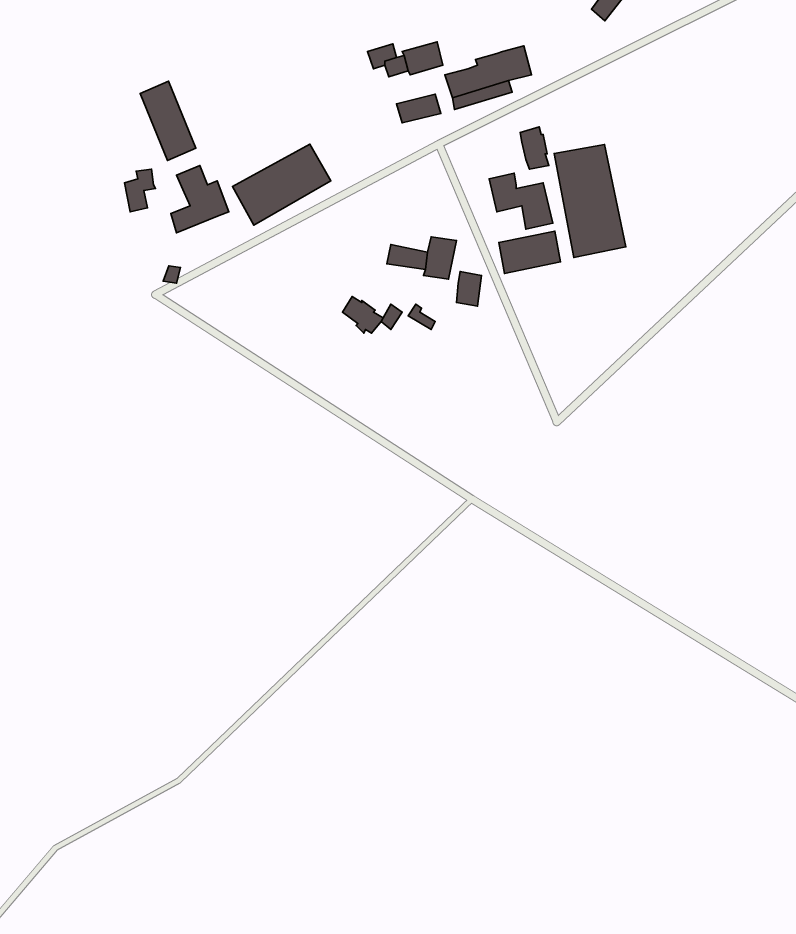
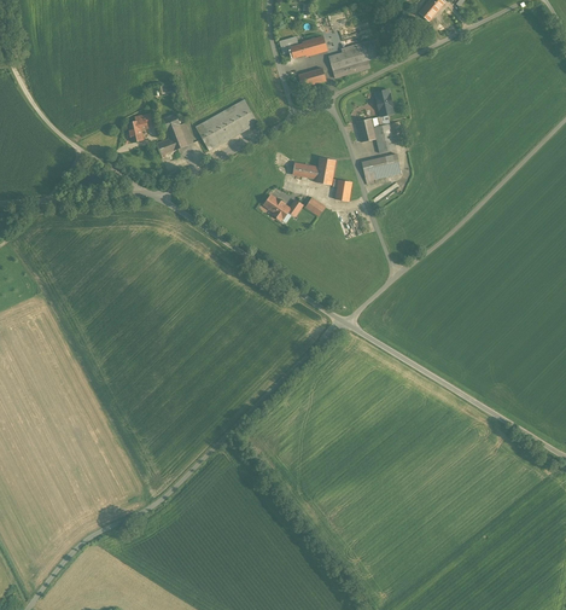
building: [140,81,196,160] -> none
building: [554,144,626,257] -> none

